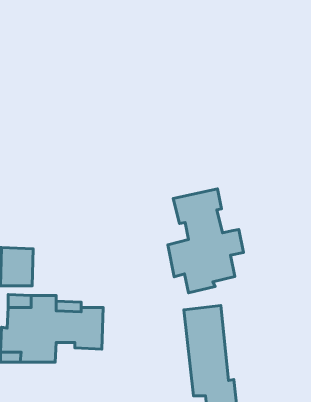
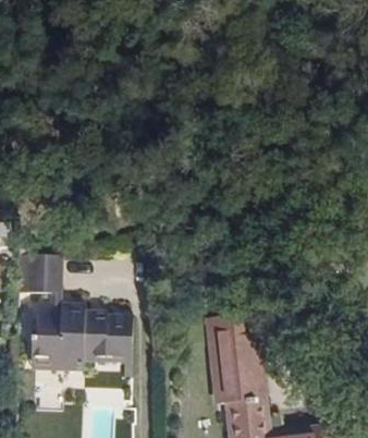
building: [168,189,243,293] -> none

